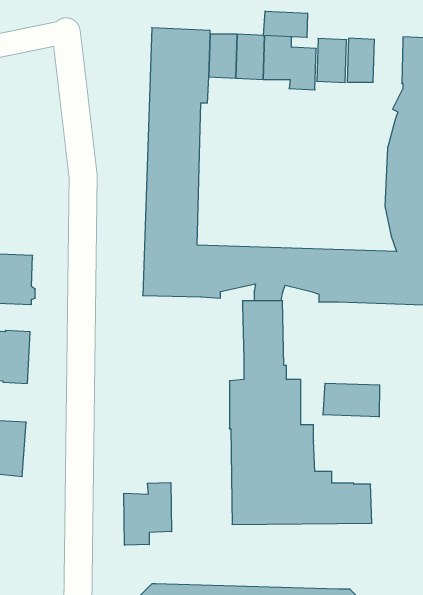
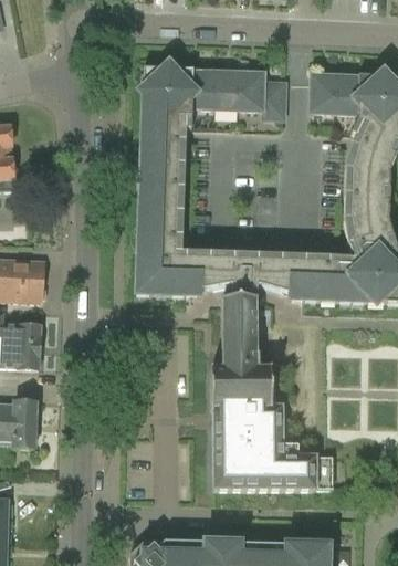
building: [263,11,307,38] -> none
building: [317,38,347,82] -> [333,75,358,113]
building: [323,383,380,417] -> none
building: [124,483,172,545] -> none

